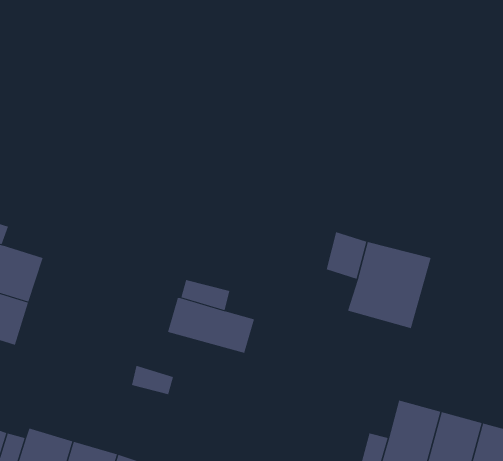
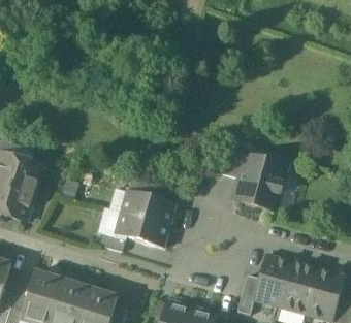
building: none -> [115,212,169,247]

